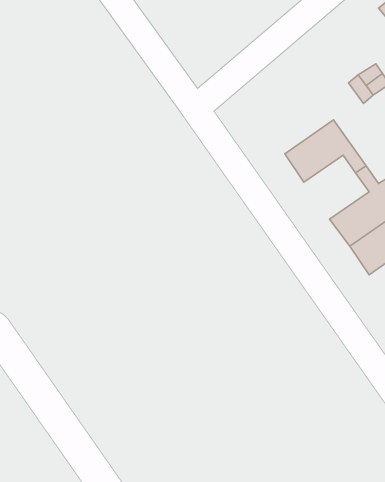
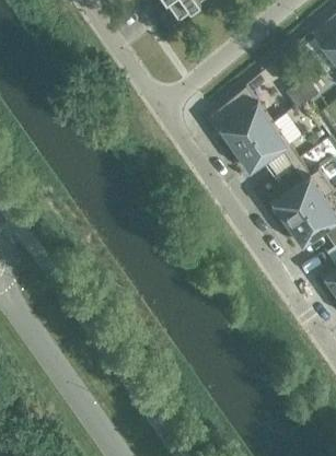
building: none -> [208,85,273,151]

